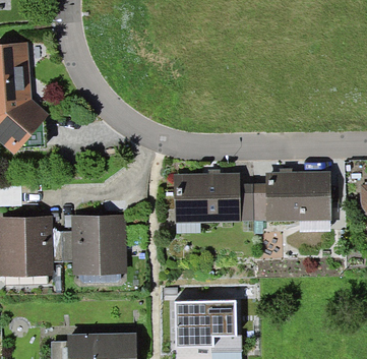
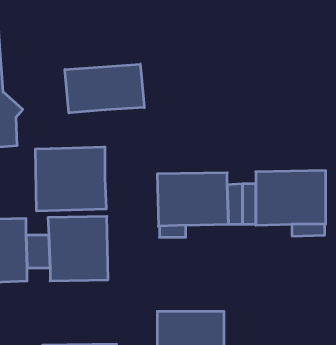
building: none -> [65,64,144,113]
building: none -> [35,147,106,211]

